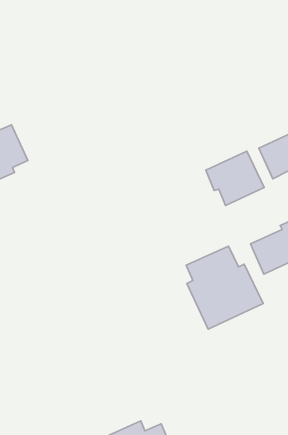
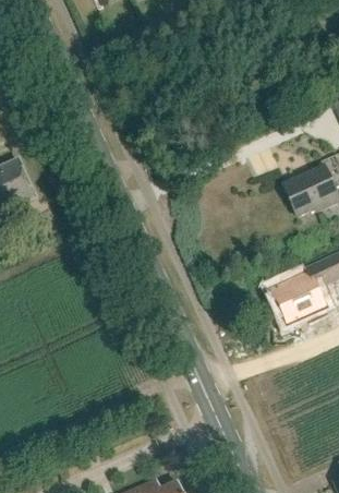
building: [206,151,264,205] -> none
building: [186,246,263,329] -> none

